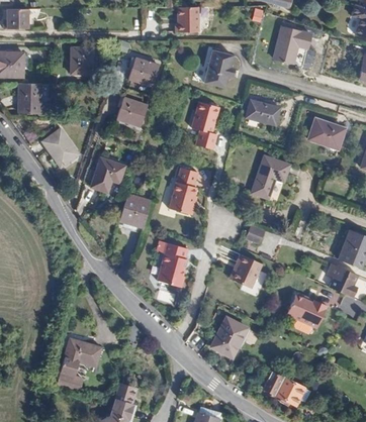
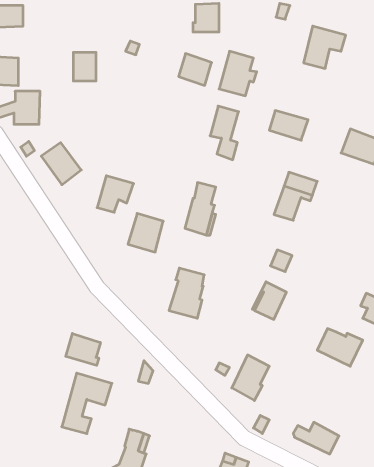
building: [128,58,158,86] -> [179,54,212,85]
building: [116,98,146,126] -> none
building: none -> [66,333,100,365]

